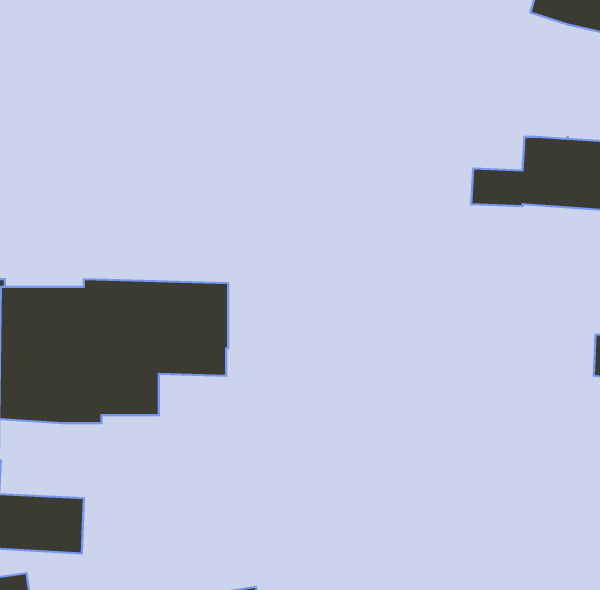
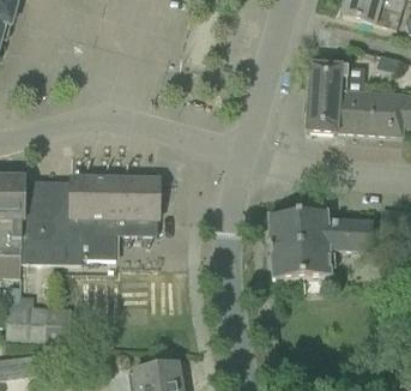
building: none -> [308,53,367,110]
building: none -> [268,211,374,279]

